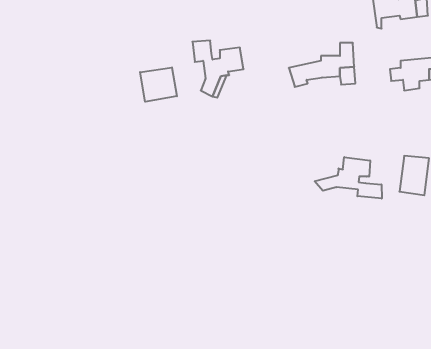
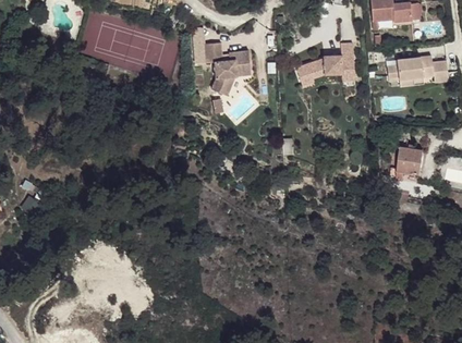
building: [140,67,177,102] -> none
building: [315,157,382,199] -> none

